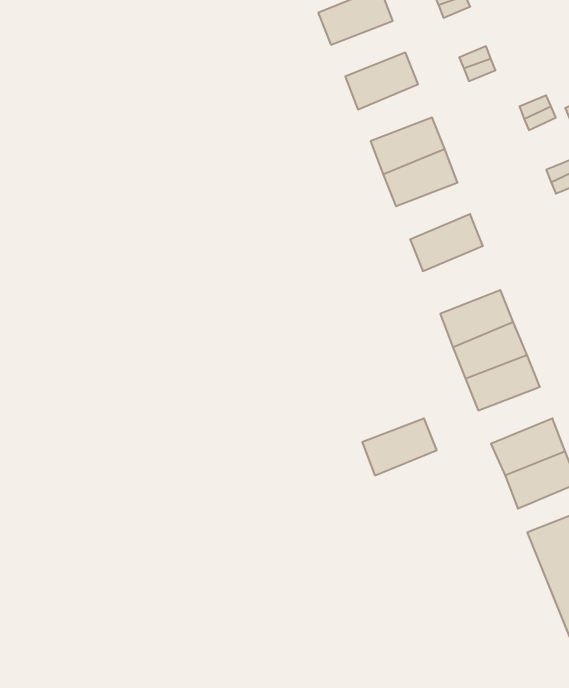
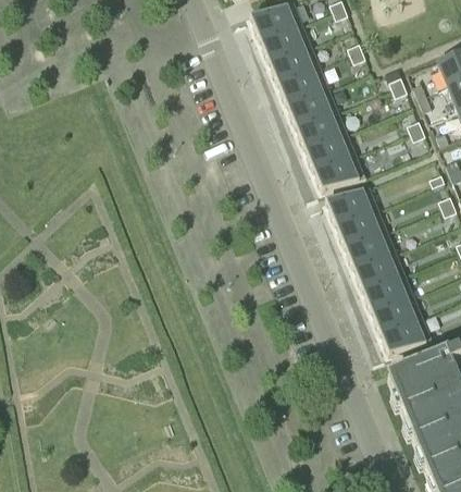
building: none -> [257,24,308,62]
building: none -> [275,67,326,107]
building: none -> [301,135,352,174]
building: none -> [322,186,373,225]
building: [362,418,437,475] -> [358,275,409,315]

